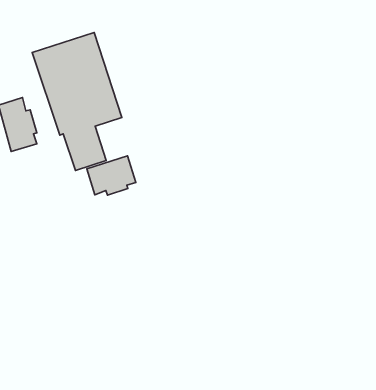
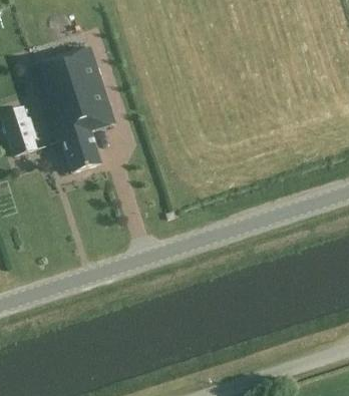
building: [87,156,136,195] -> none

